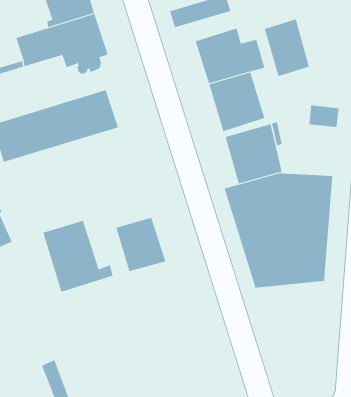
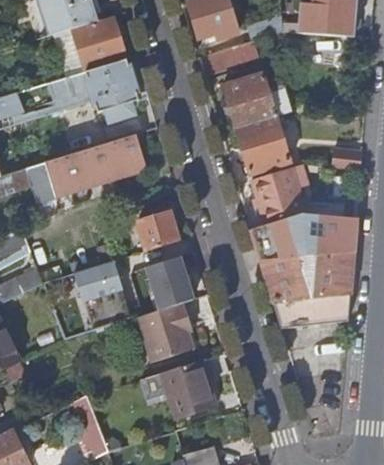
building: [264,18,309,77] -> none
building: none -> [137,212,178,251]
building: none -> [138,302,198,362]
building: none -> [161,359,215,416]

